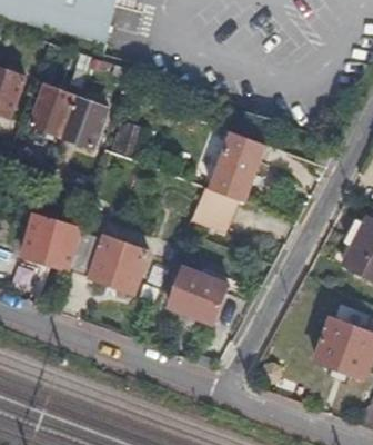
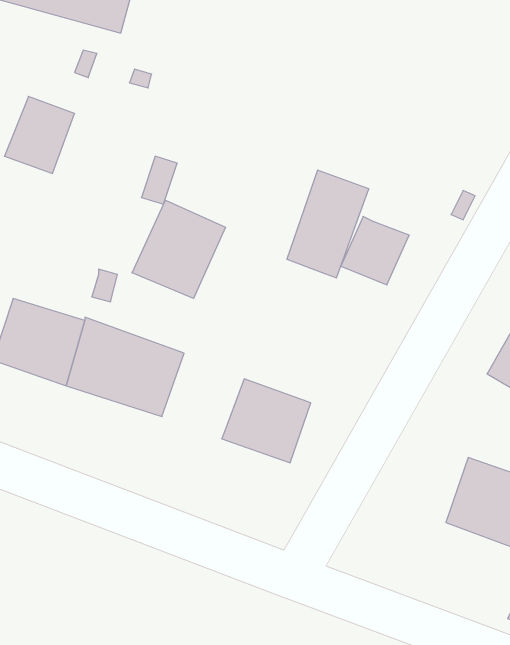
building: [60,95,105,146] -> none
building: none -> [132,200,226,298]
building: [191,186,235,230] -> [341,216,409,285]

